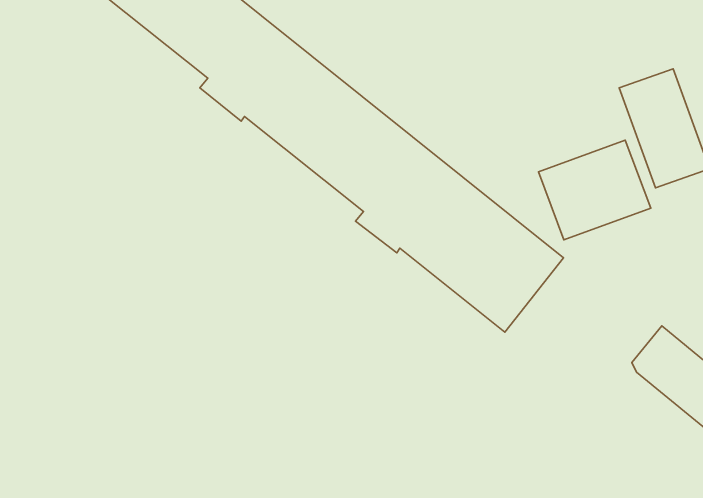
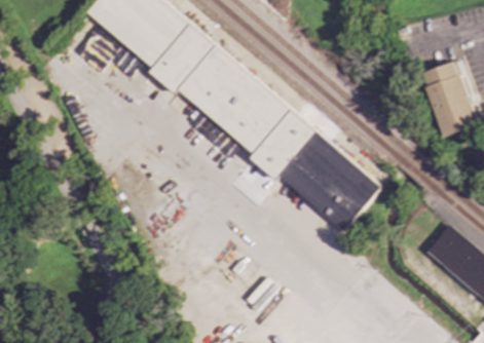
building: [538,140,651,240] -> none

